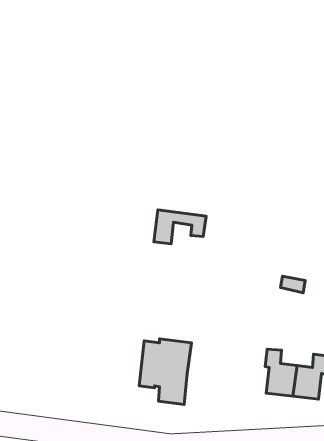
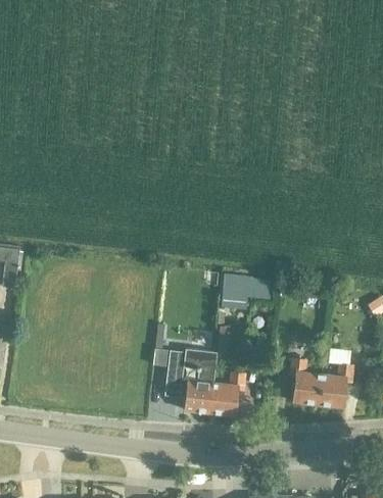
building: [154,210,206,244] -> [220,277,272,310]
building: none -> [209,372,245,417]

